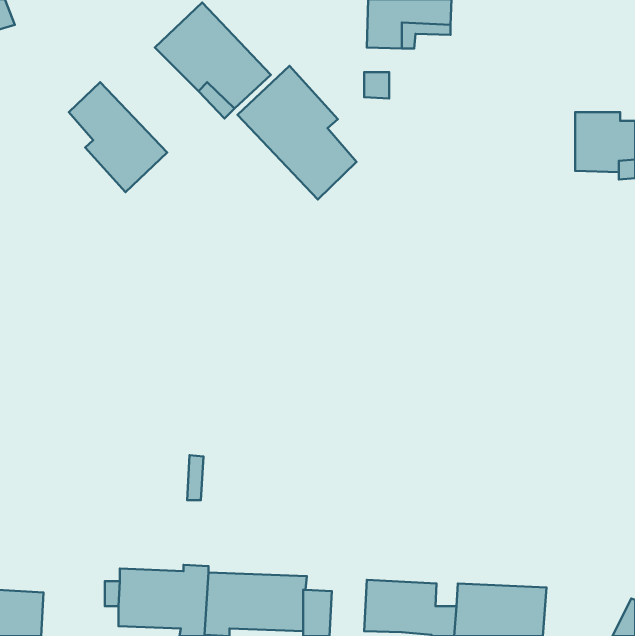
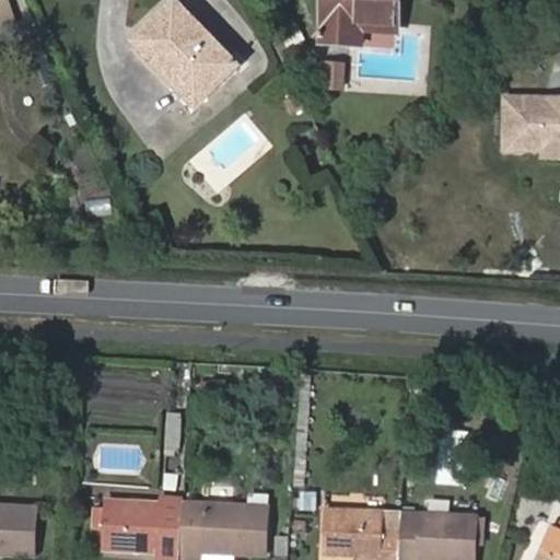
building: [238,66,357,199] -> none
building: [69,82,167,192] -> none

